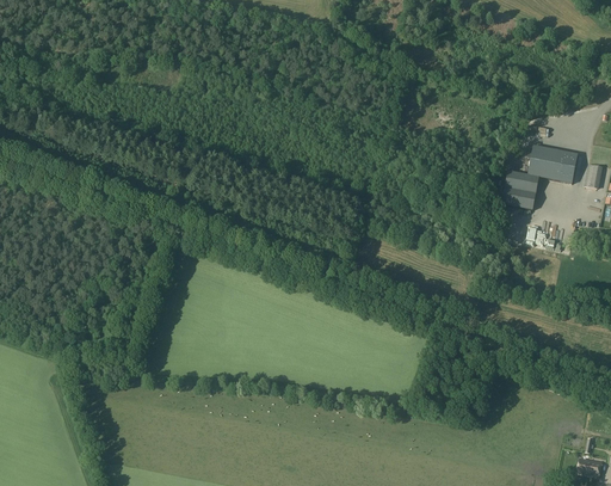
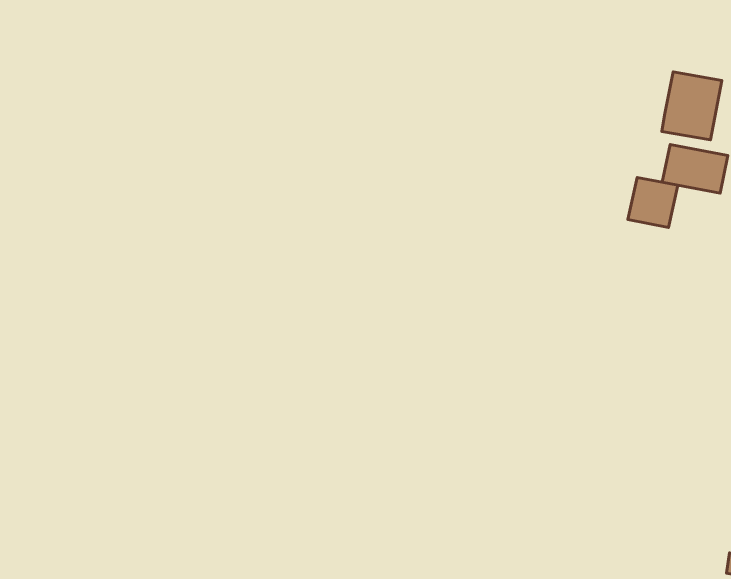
building: none -> [662,72,722,140]

